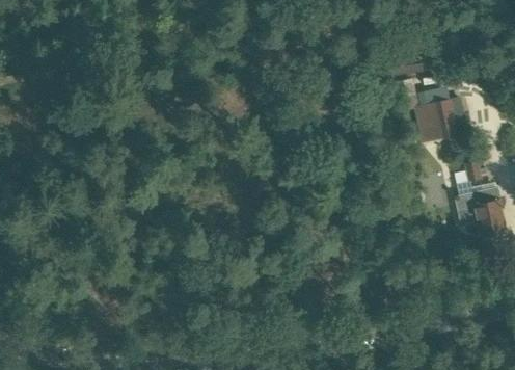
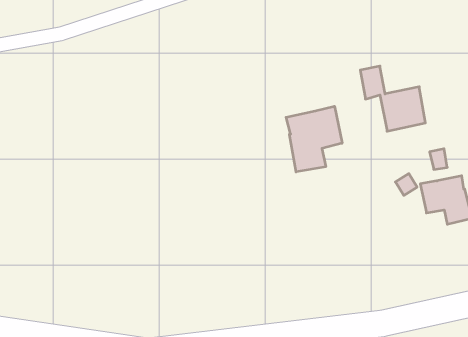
building: none -> [286,106,342,172]

